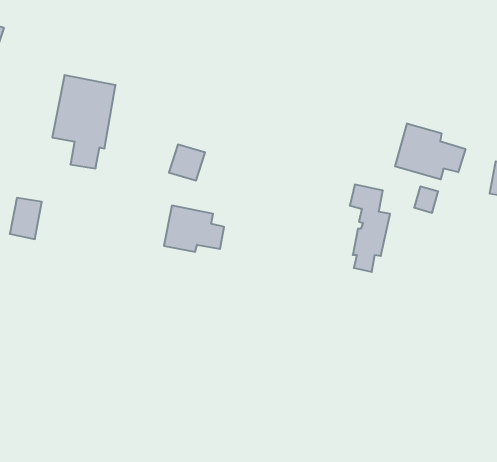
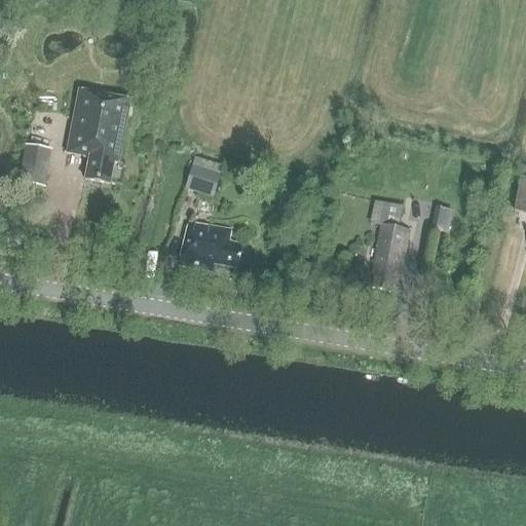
building: [395,123,465,179] -> none
building: [10,198,42,239] -> [18,143,51,185]

